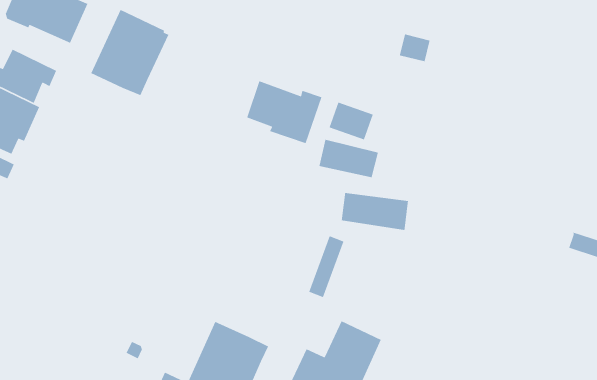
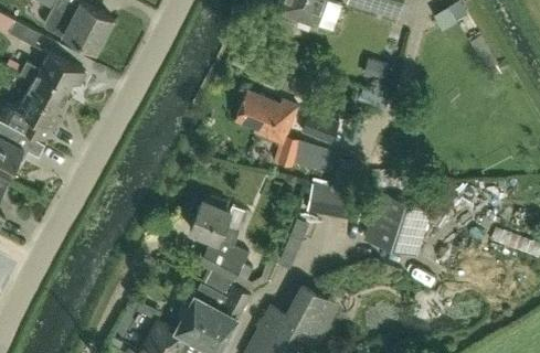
building: [90,9,169,96] -> none
building: none -> [364,193,431,255]
building: none -> [189,200,275,307]

